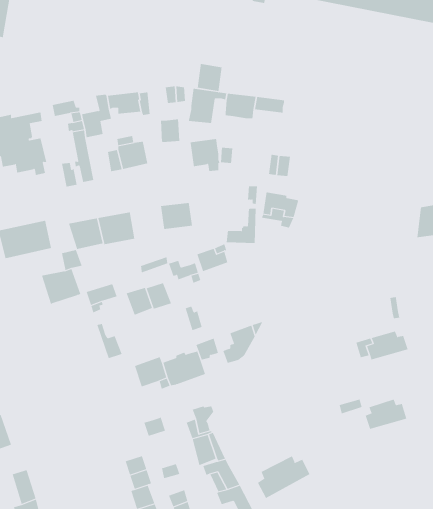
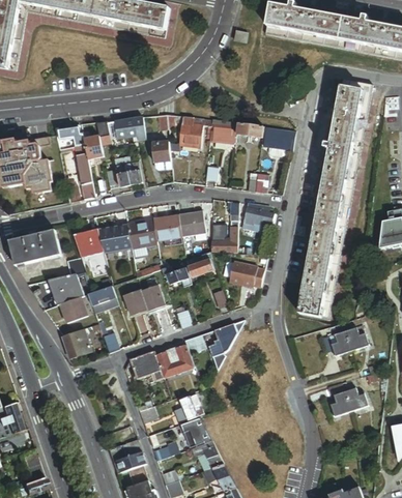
building: none -> [300,78,374,317]
building: [197,63,222,92] -> none
building: none -> [261,127,294,154]
building: [190,139,220,172] -> [178,211,205,240]
building: none -> [126,218,156,247]
building: none -> [228,262,263,287]
building: none -> [58,297,86,323]
building: none -> [60,329,90,358]
building: [257,455,310,499] -> none

